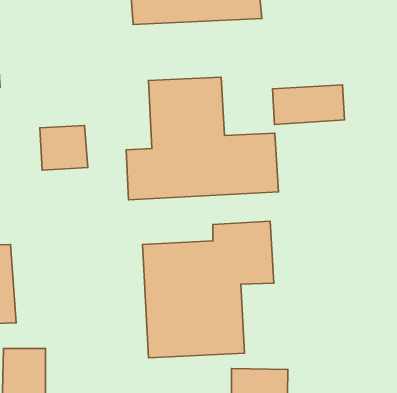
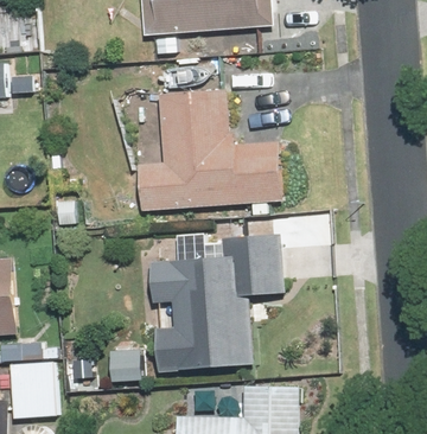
building: [272,85,344,124] -> none
building: [40,125,88,170] -> none

